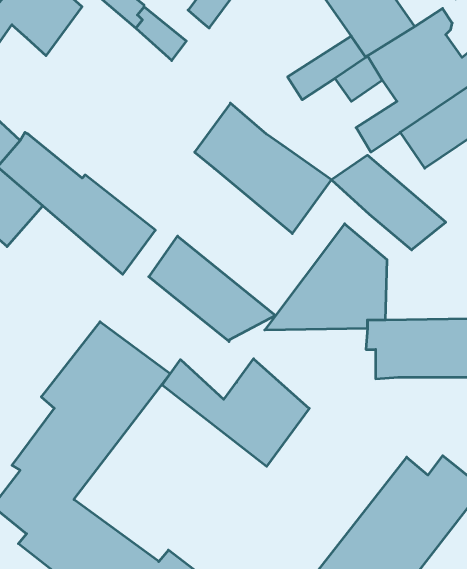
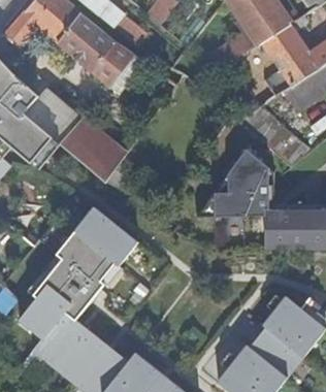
building: [195,103,332,234] -> [57,11,143,94]
building: [149,236,276,342] -> none
building: [162,359,309,466] -> none

